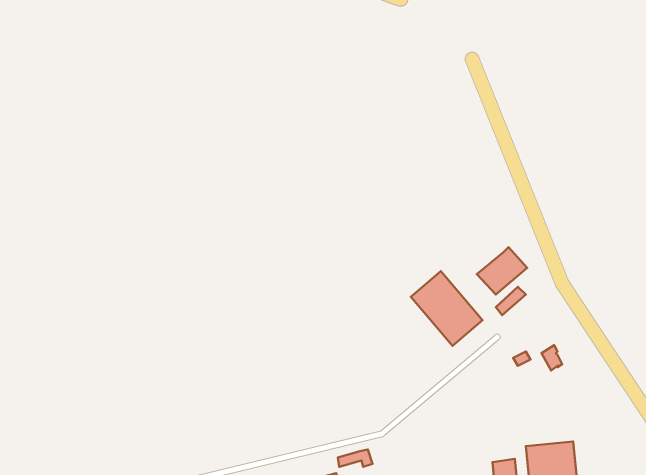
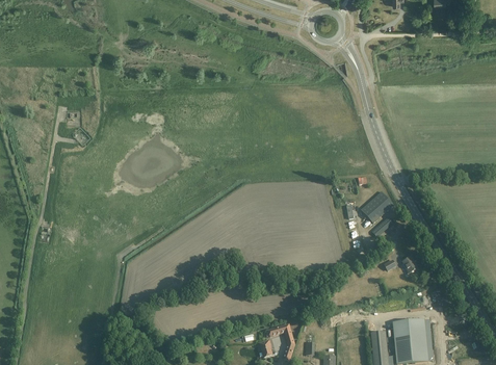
building: [411,271,483,346] -> none

